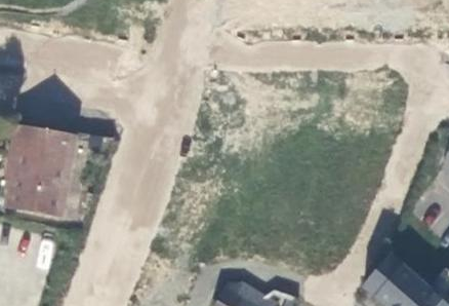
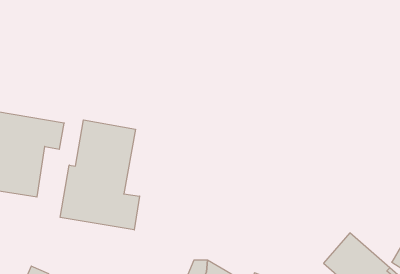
building: none -> [60,120,140,230]

